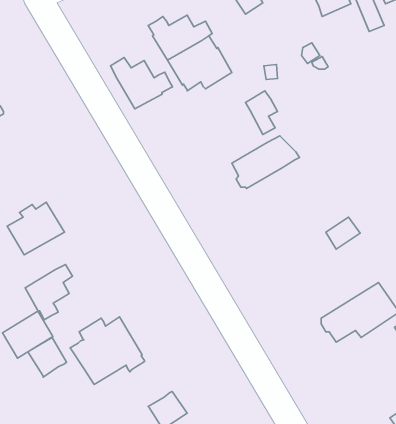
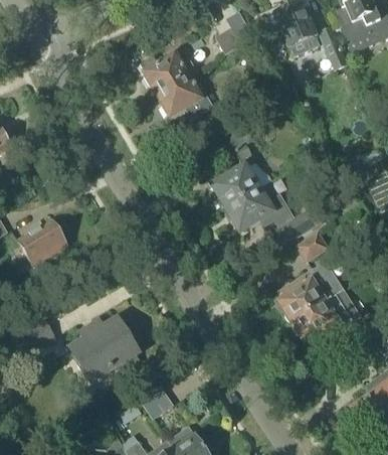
building: [111,58,173,109] -> none
building: none -> [225,182,322,245]
building: none -> [277,261,342,321]
building: [25,265,73,320] -> none
building: [28,337,67,377] -> none

